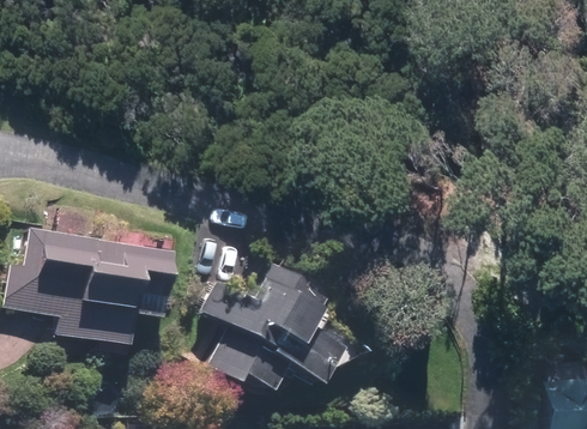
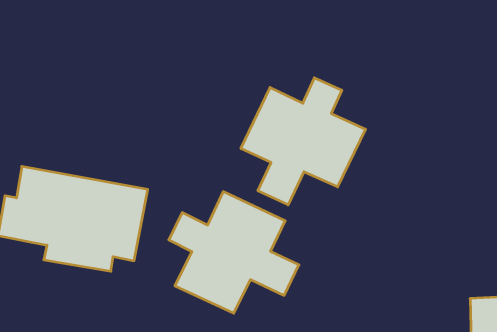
building: none -> [241,78,366,205]

